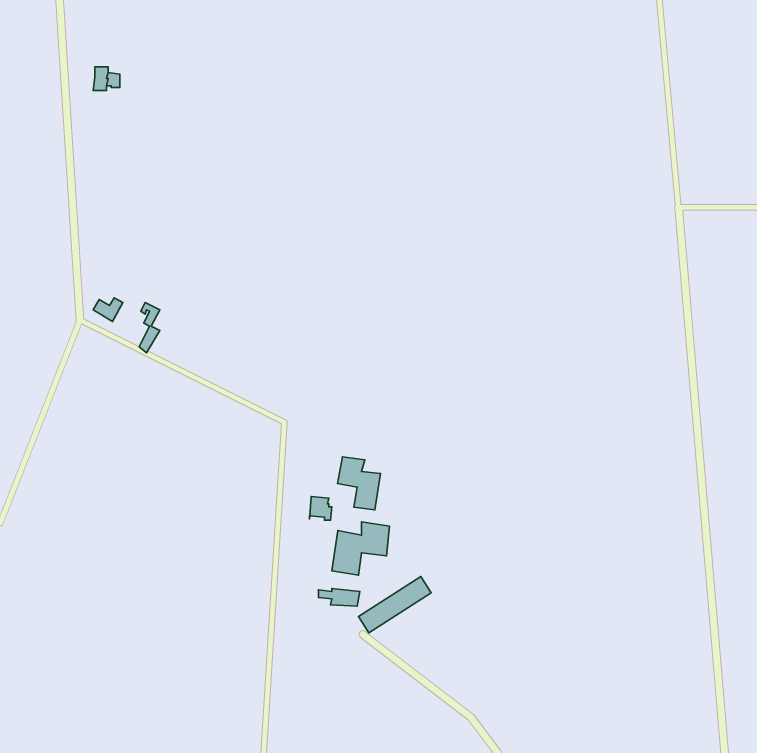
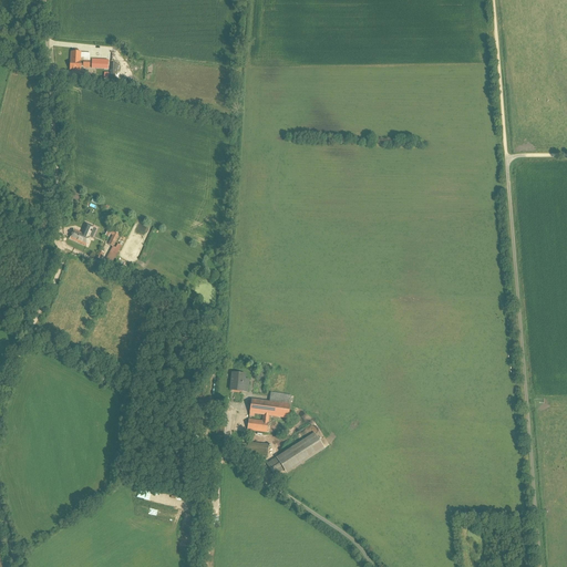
building: [337,457,380,510] -> none

